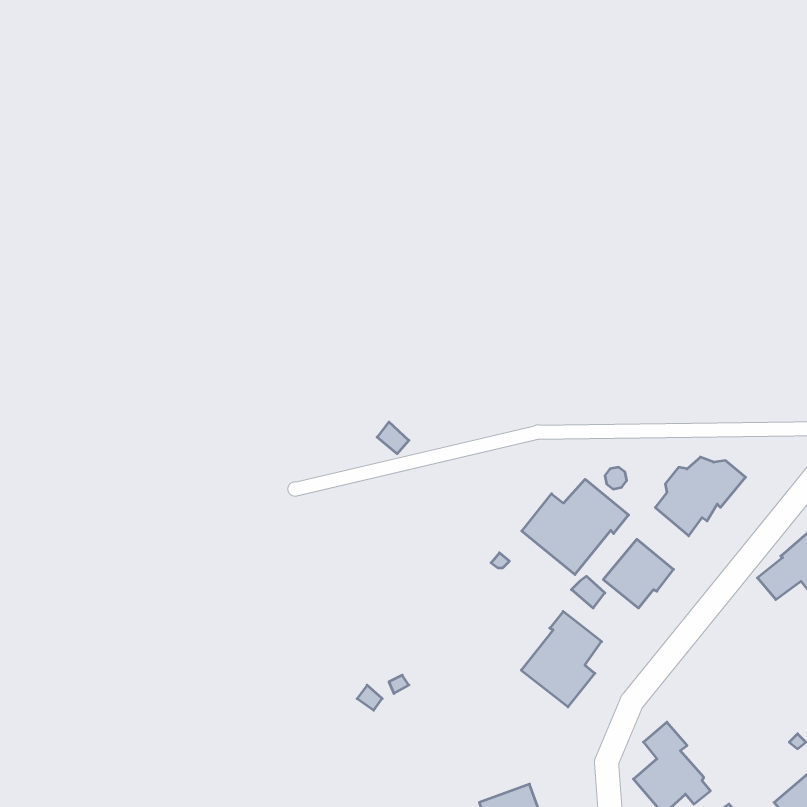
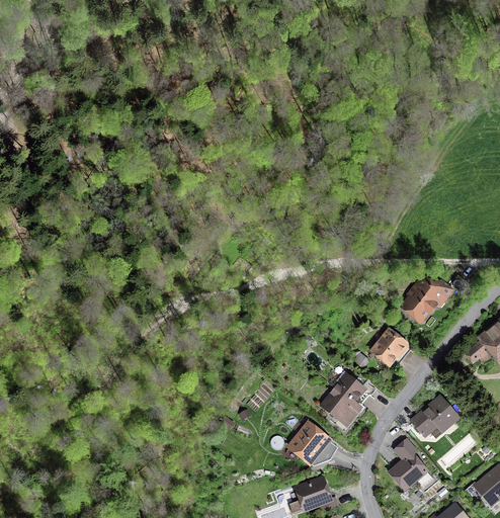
building: [522,479,629,575] -> none
building: none -> [409,393,463,439]
building: none -> [285,420,339,466]

